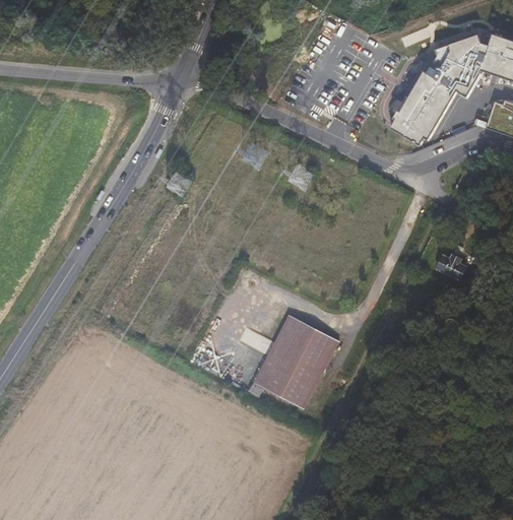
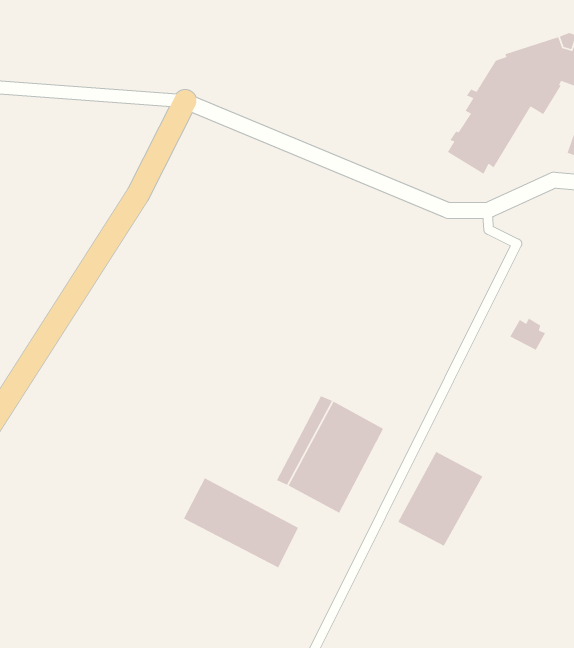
building: none -> [397,451,483,547]
building: none -> [183,477,299,569]

